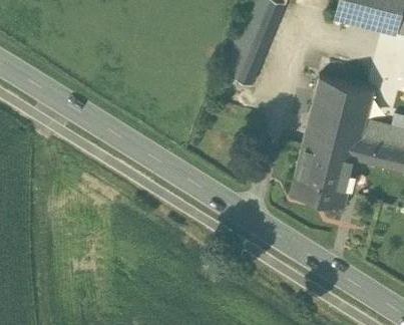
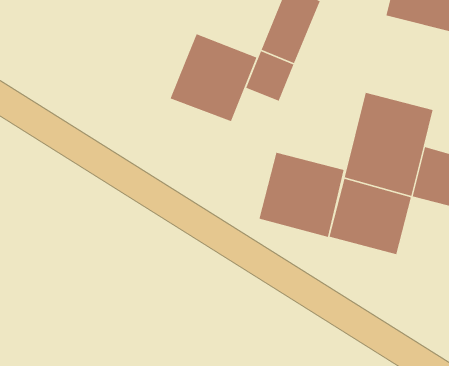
building: none -> [169,33,258,122]
building: none -> [258,152,345,238]

